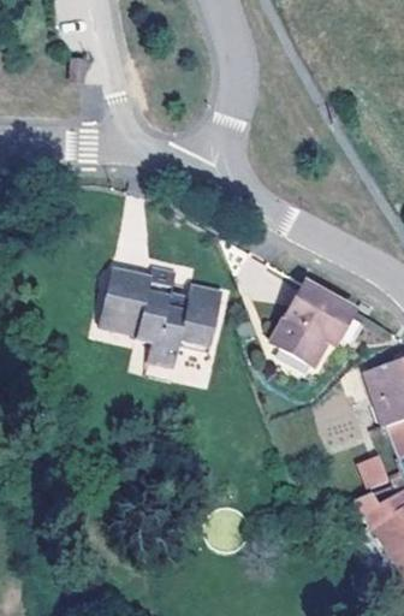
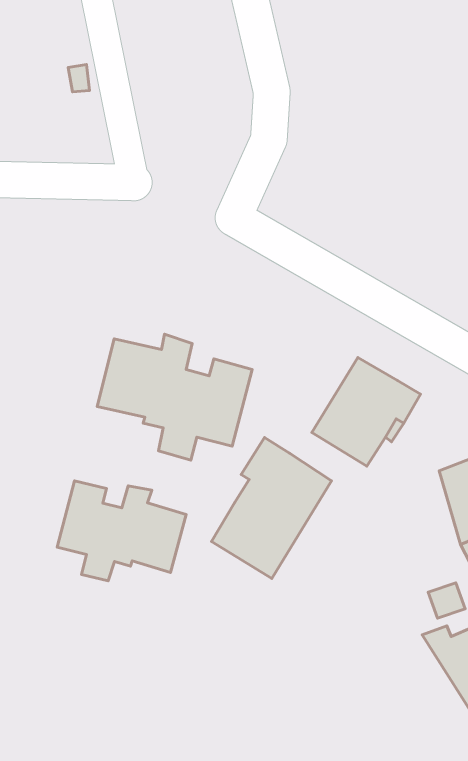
building: none -> [212,438,332,578]
building: none -> [57,481,186,581]

